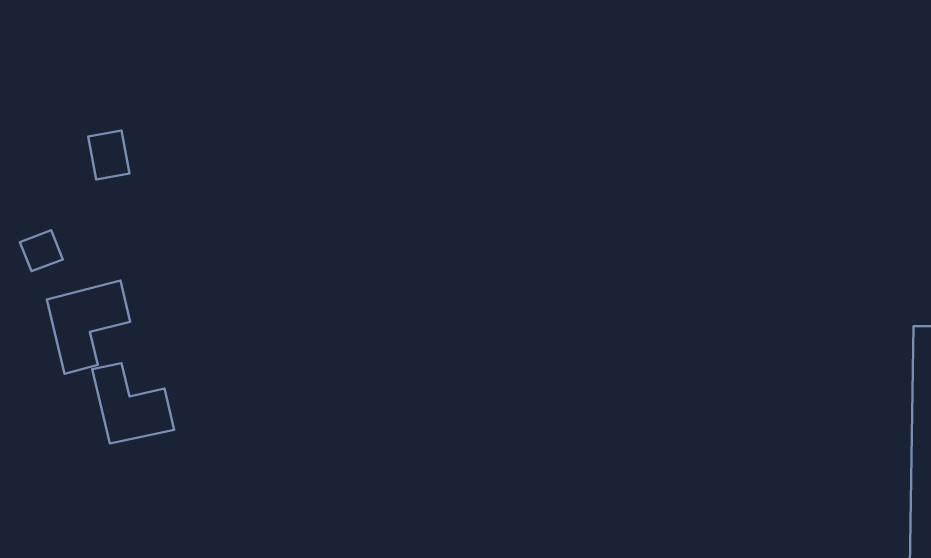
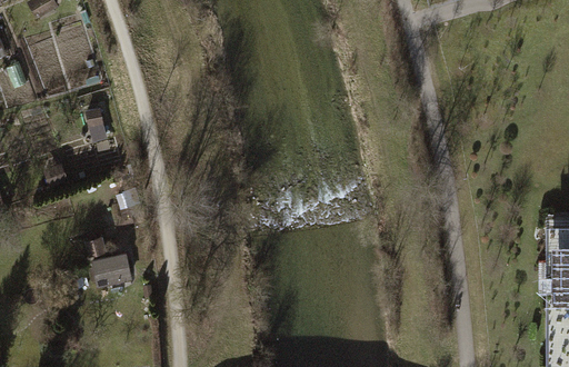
building: [47,281,130,374] -> none

